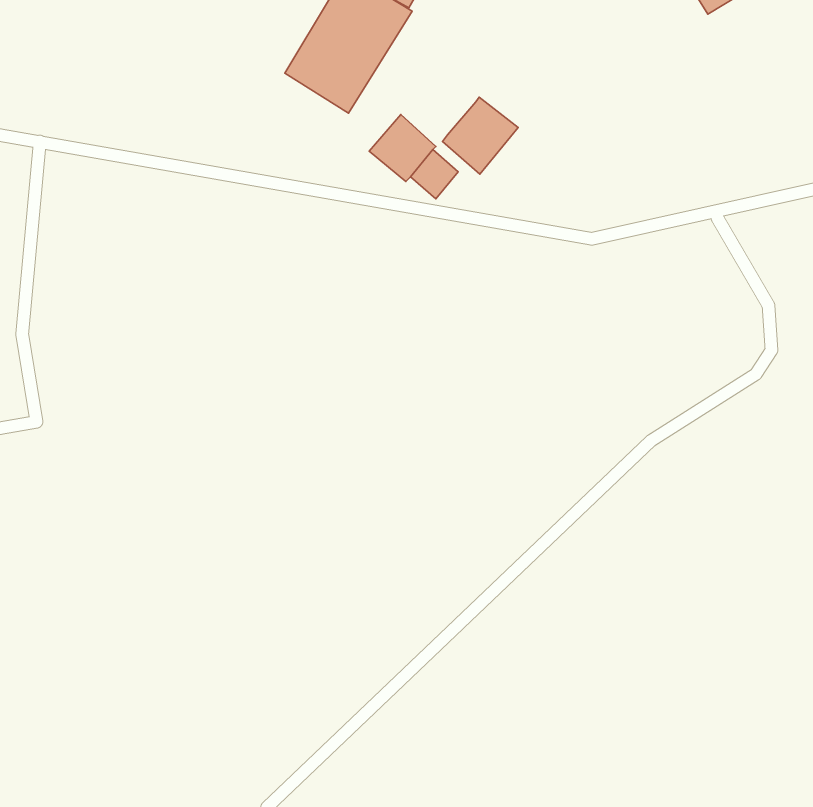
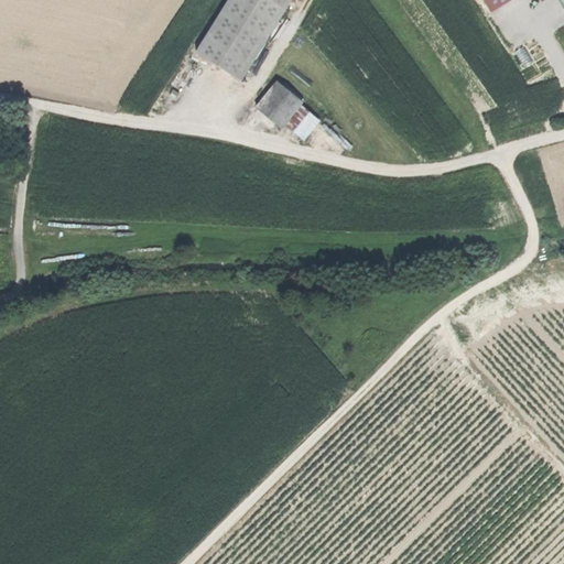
building: [442,97,518,174] -> none

